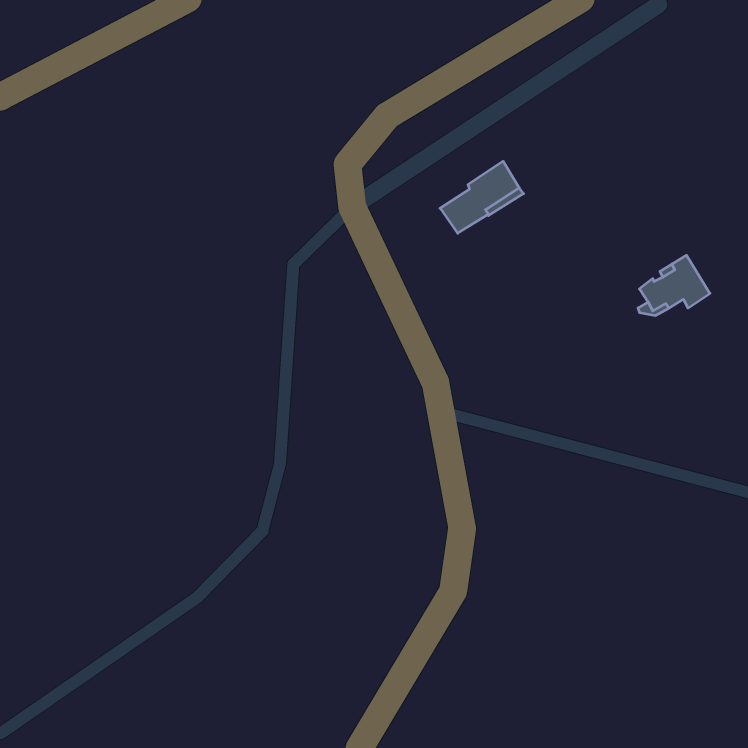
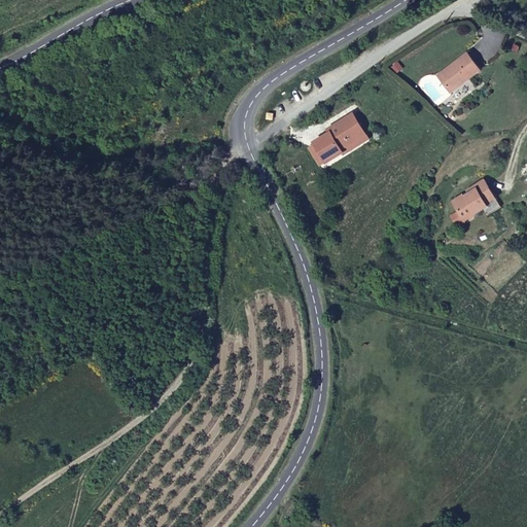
building: none -> [434,50,479,90]

